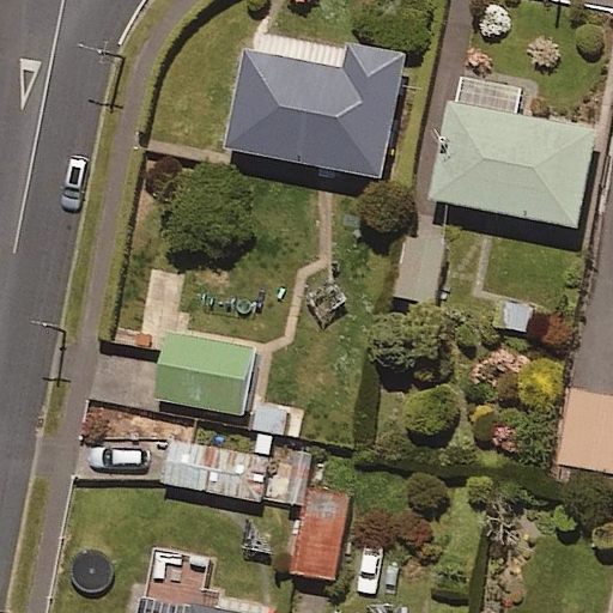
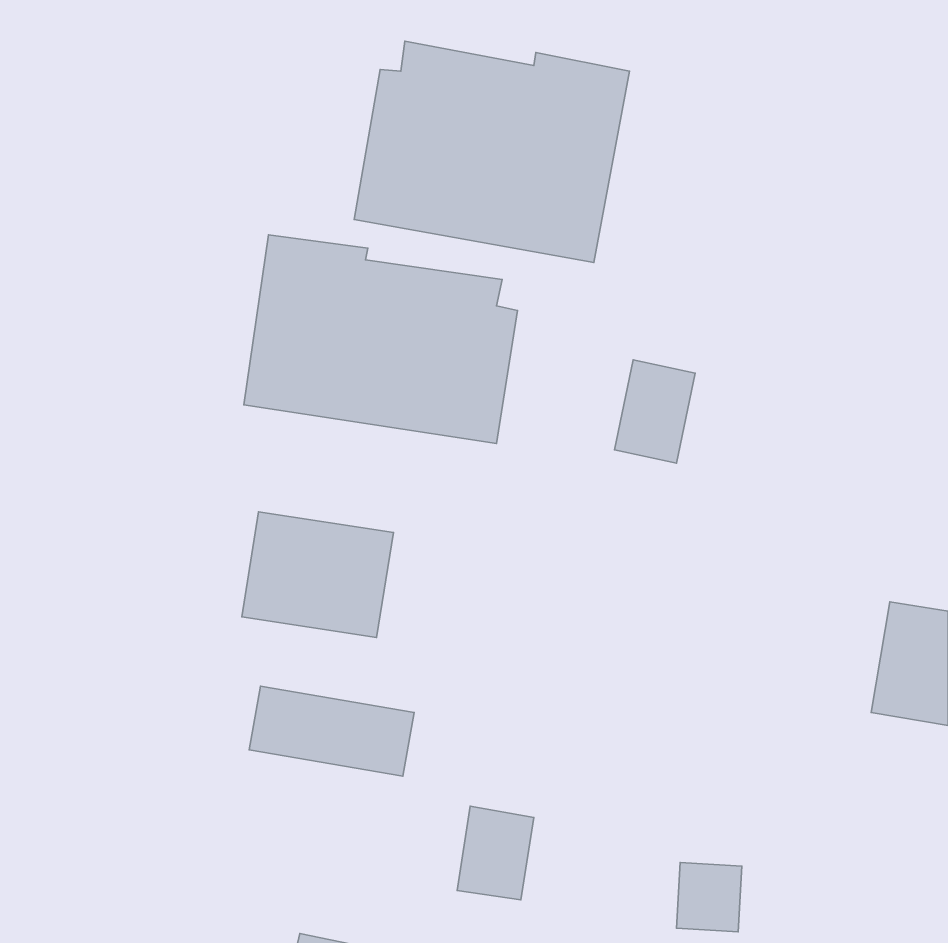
building: [431,79,594,226] -> none
building: none -> [244,235,518,443]

